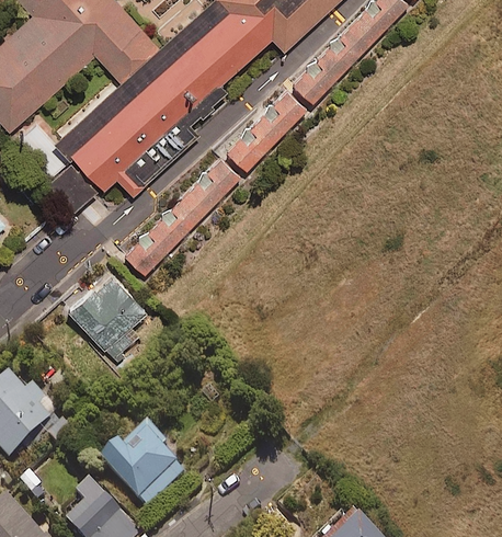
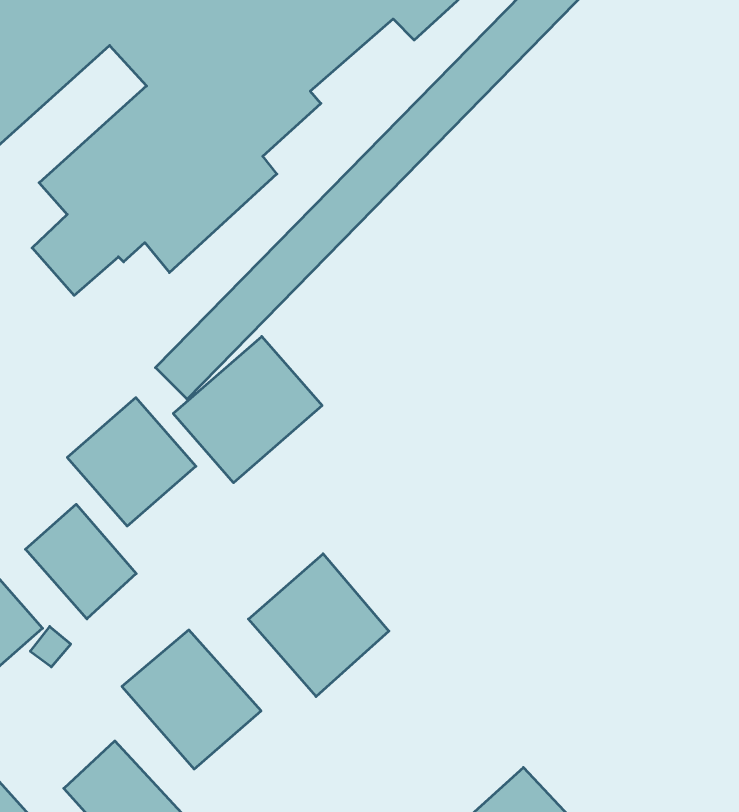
building: none -> [173,336,322,483]
building: none -> [25,504,136,619]
building: none -> [248,554,389,697]

